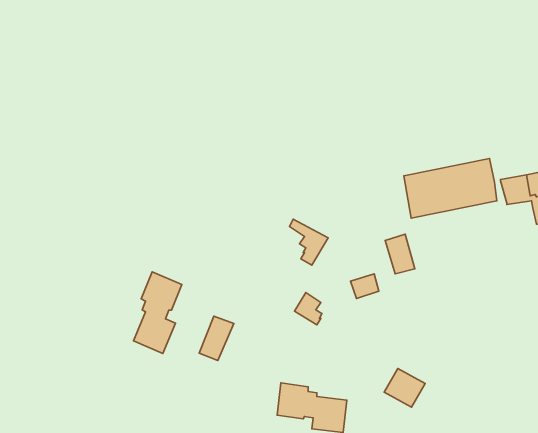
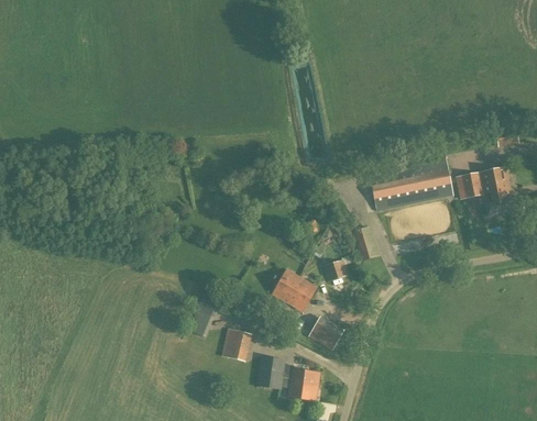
building: [290,219,328,265] -> [283,269,317,310]
building: [133,272,182,354] -> none
building: none -> [221,328,252,361]
building: [384,369,425,407] -> [308,315,344,350]

